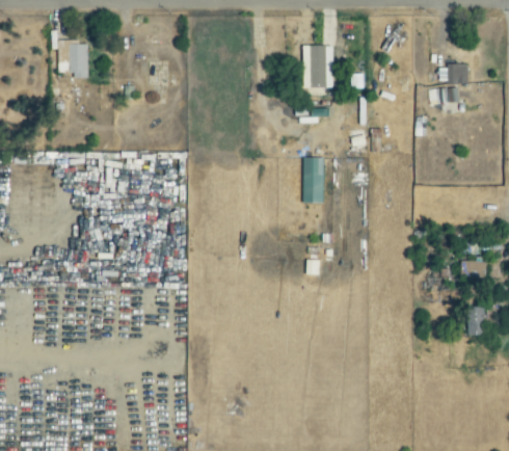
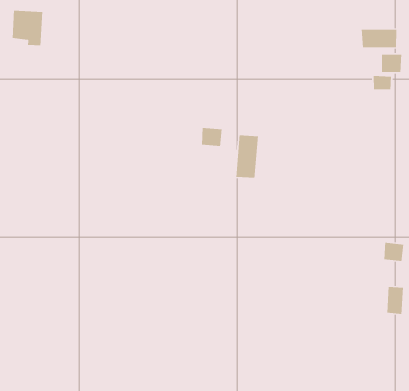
building: none -> [361,29,397,48]
building: [302,46,333,88] -> none
building: none -> [201,127,222,147]

